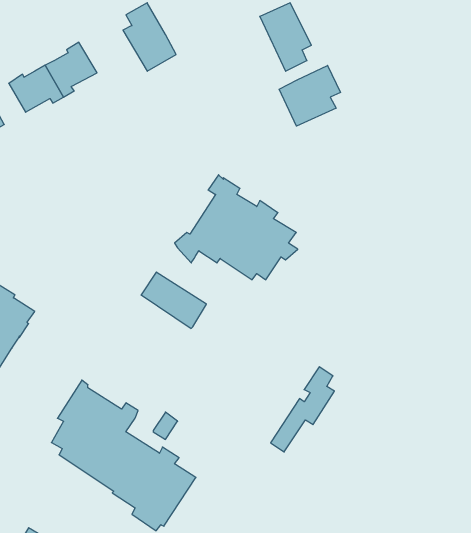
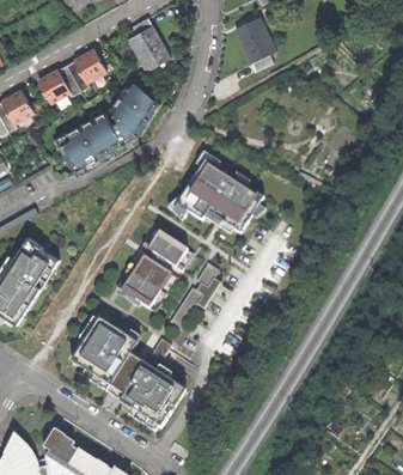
building: [279,65,340,126] -> none
building: none -> [59,80,164,171]
building: none -> [116,251,178,312]
building: [271,367,334,452] -> [170,262,220,329]

